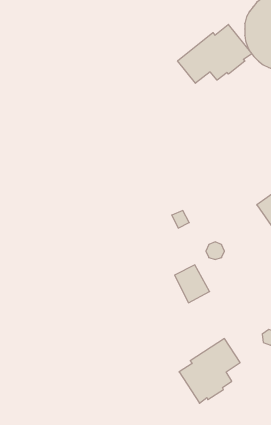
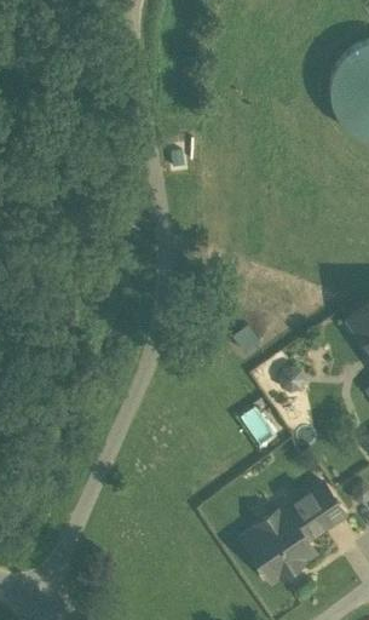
building: [178,24,252,83] -> none
building: none -> [304,484,345,530]

